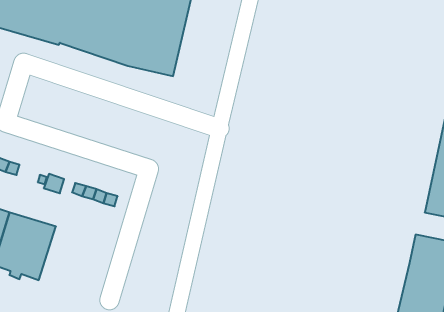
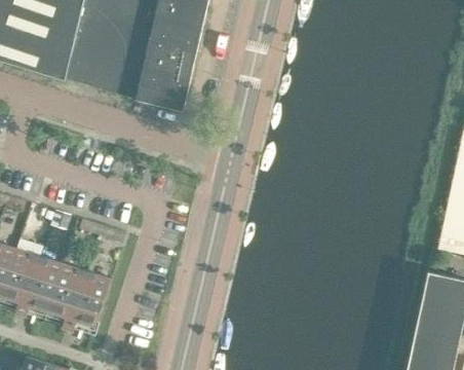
building: none -> [44,262,110,332]

